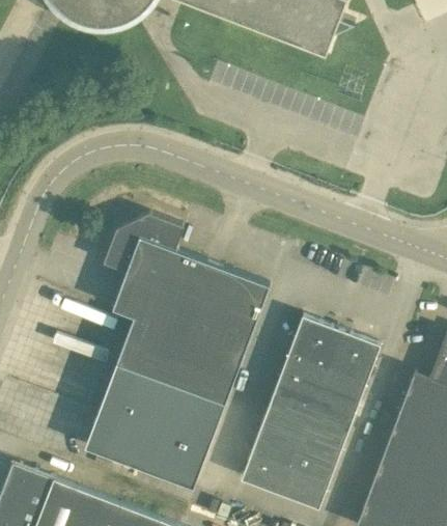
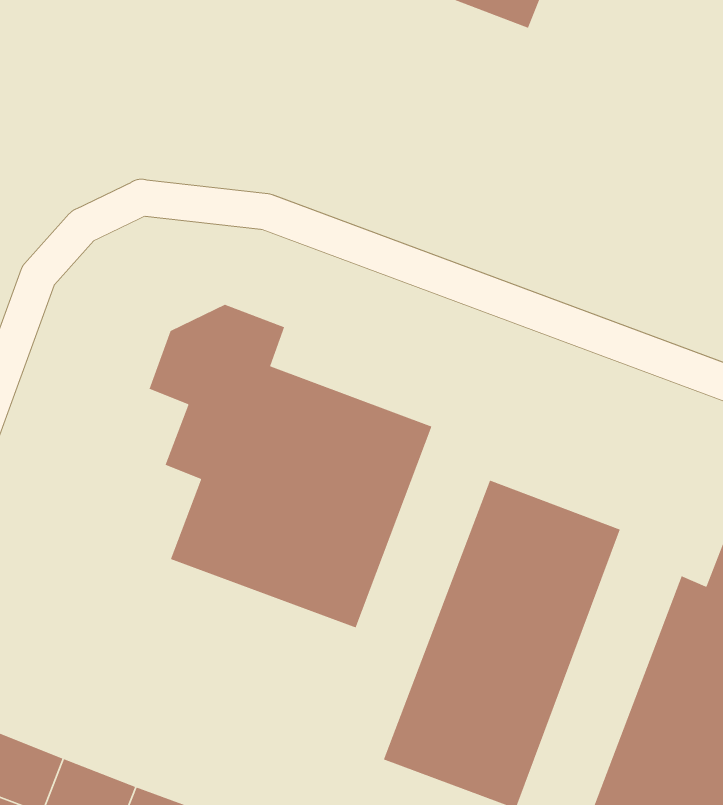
building: [84,364,224,489] -> none

